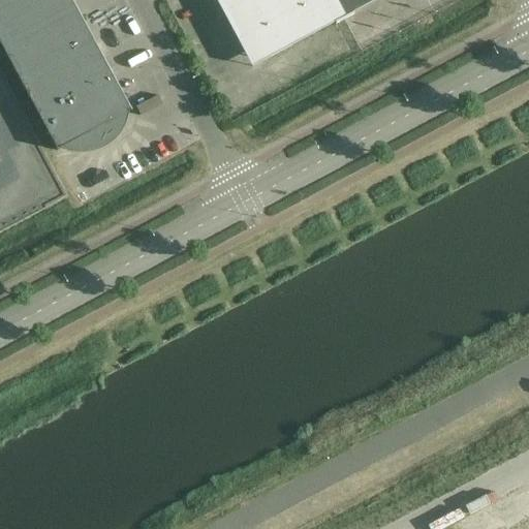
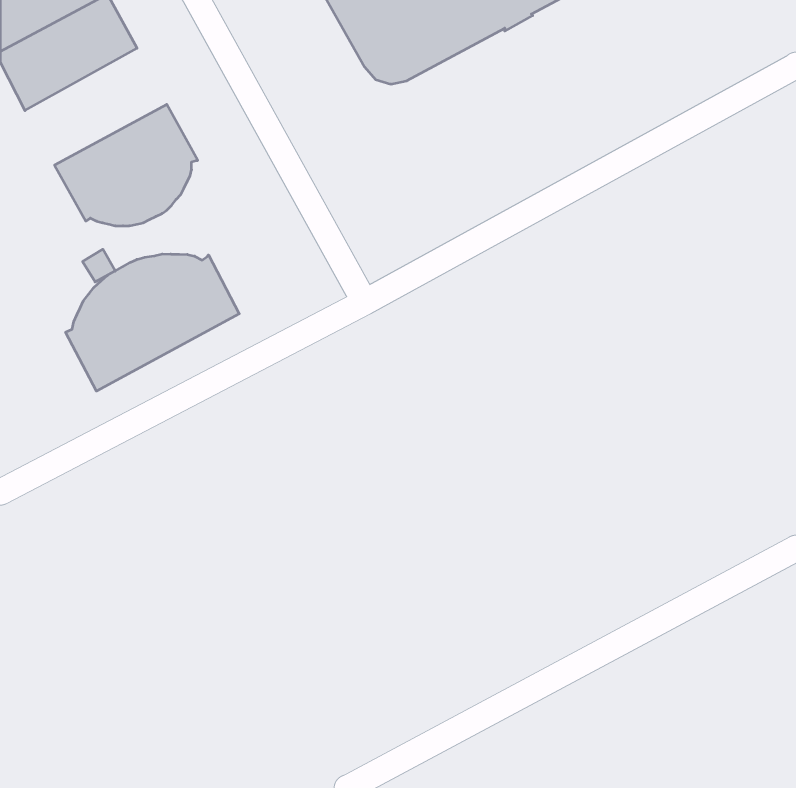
building: [17,32,111,110] -> none
building: none -> [66,254,239,391]

